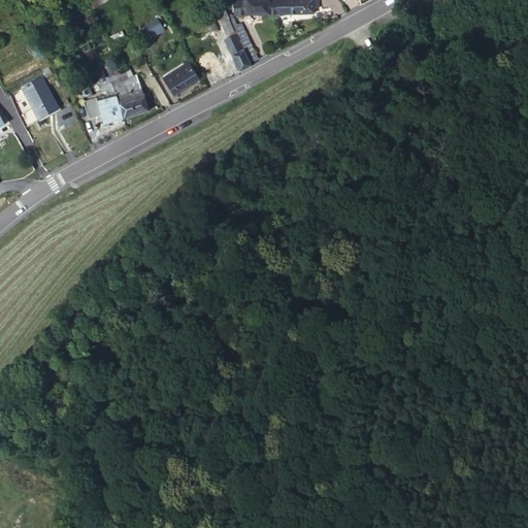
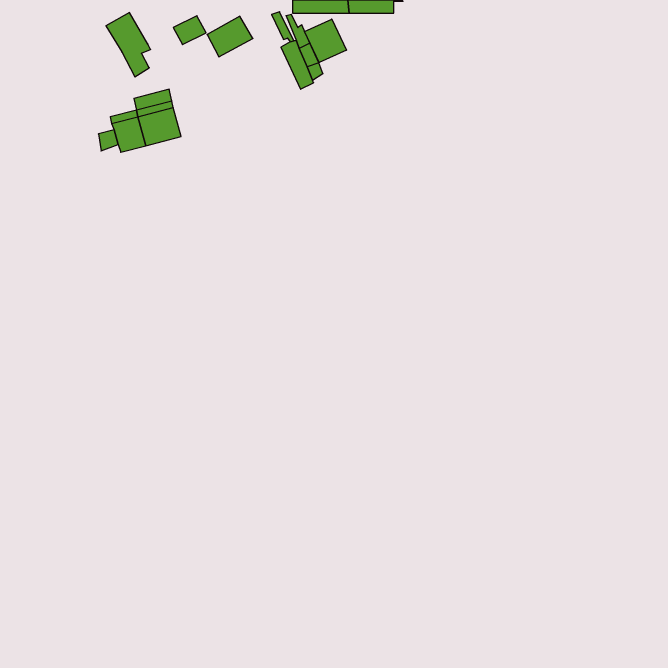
building: none -> [305,19,346,63]
building: [160,62,196,94] -> [207,16,253,57]
building: [26,81,61,132] -> [106,13,151,77]

